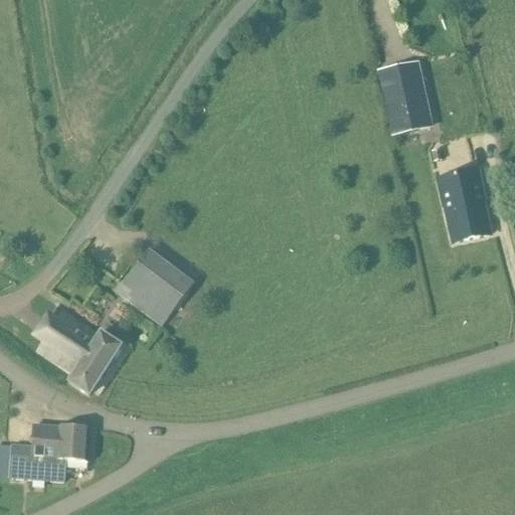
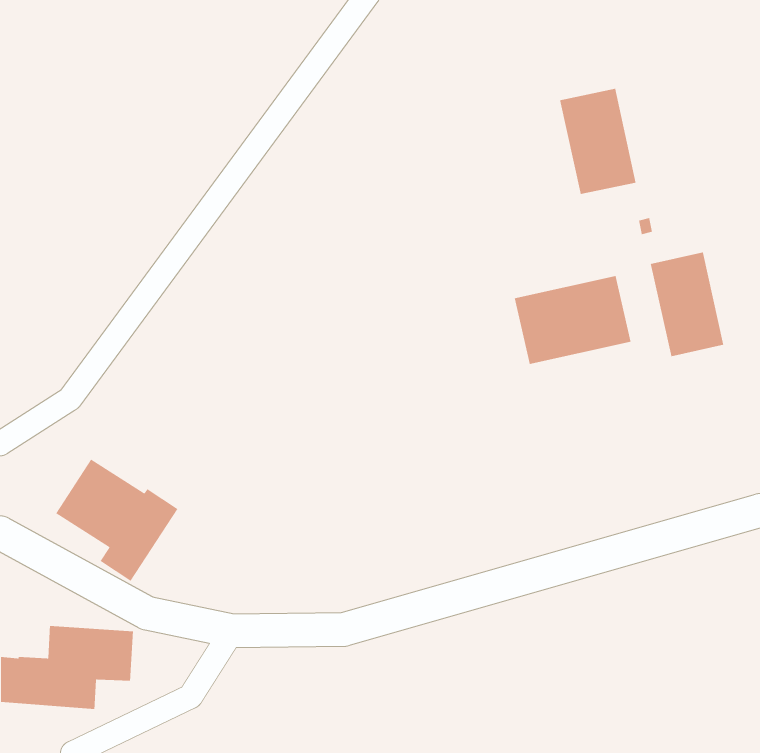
building: none -> [514,275,631,365]
building: [115,246,194,325] -> none

